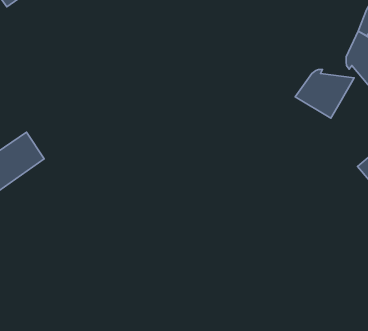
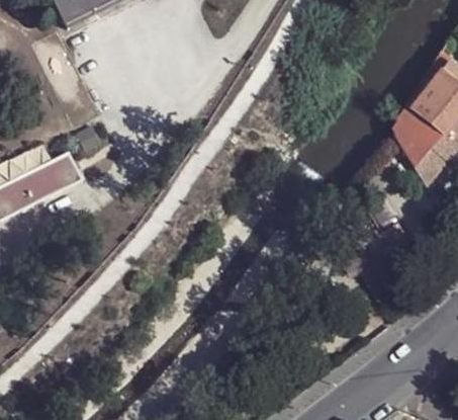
building: [295,69,354,118] -> none

